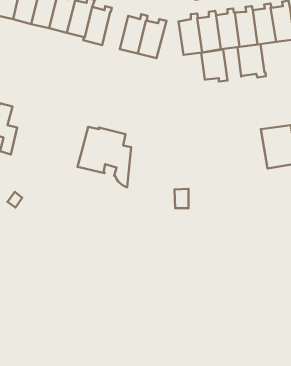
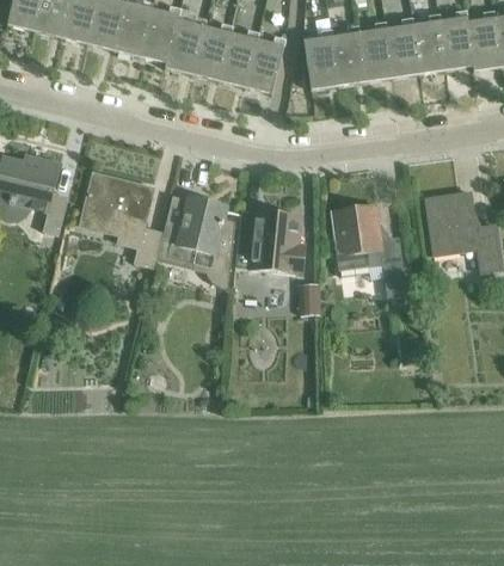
building: none -> [192,23,233,80]
building: [237,44,266,77] -> none
building: [201,50,227,81] -> none
building: none -> [80,172,162,266]
building: none -> [332,204,412,294]
building: none -> [235,210,305,272]

